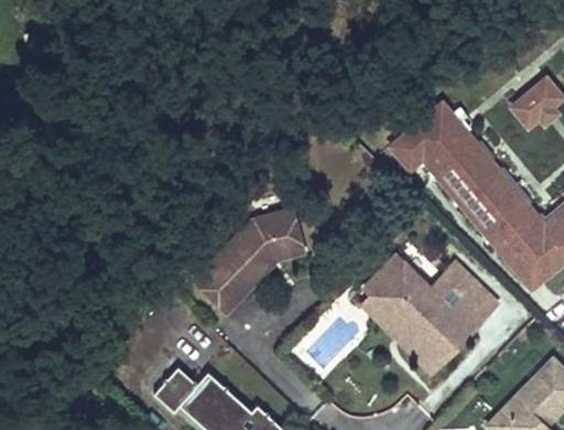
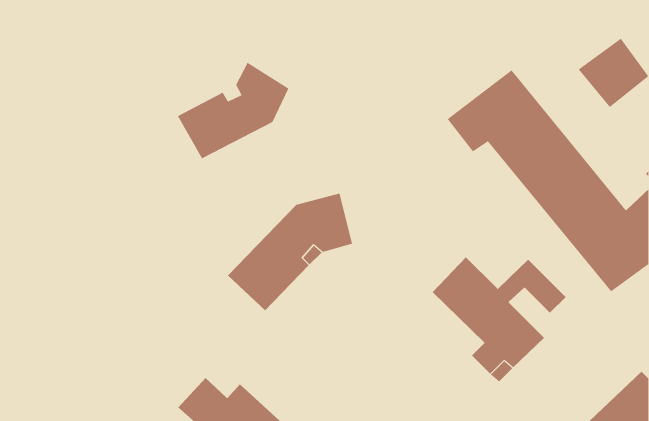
building: none -> [177,62,289,159]
building: [355,254,420,348] -> none
building: [442,290,500,333] -> none

